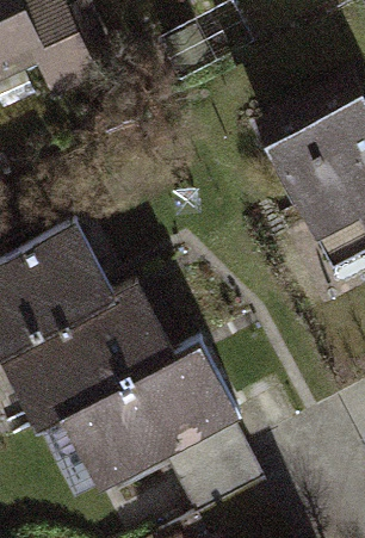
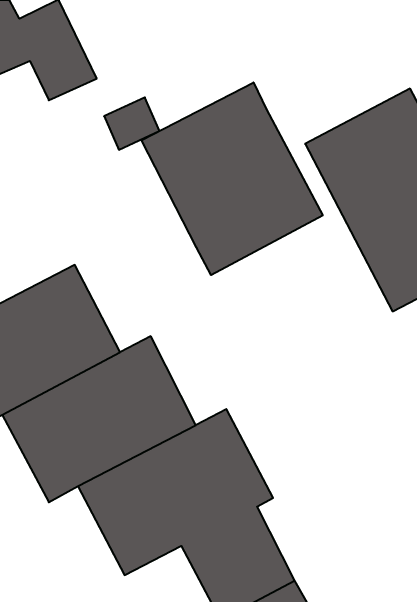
building: none -> [142,82,323,275]

